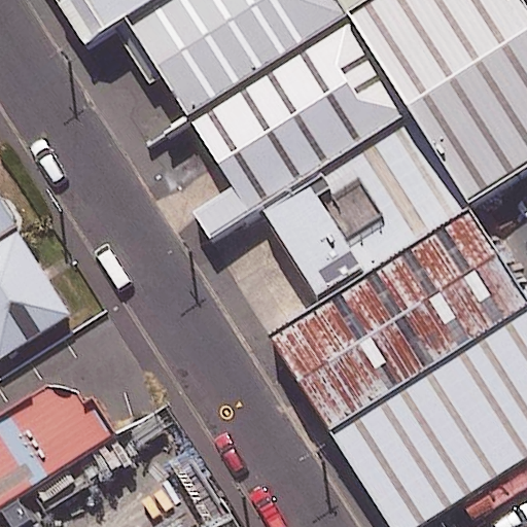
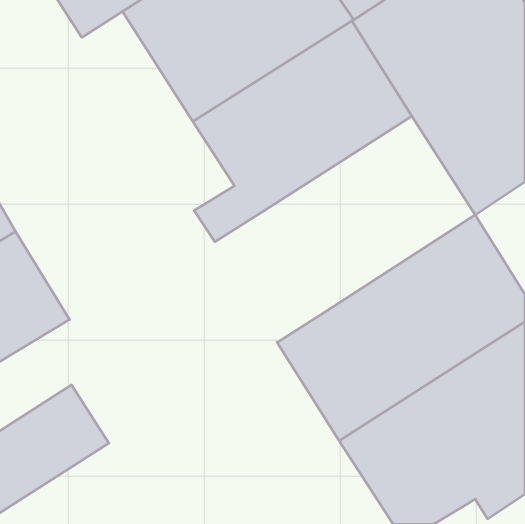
building: [262,115,471,308] -> none

